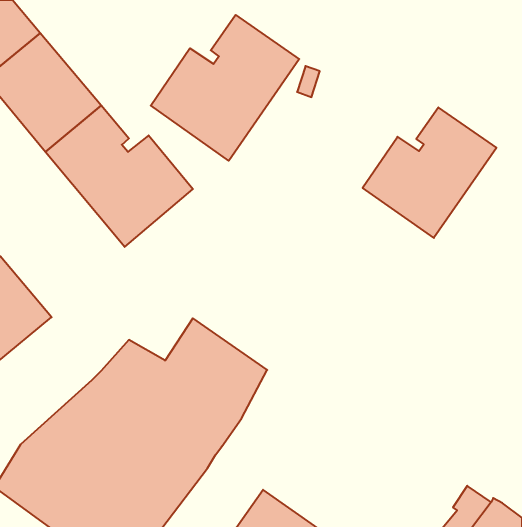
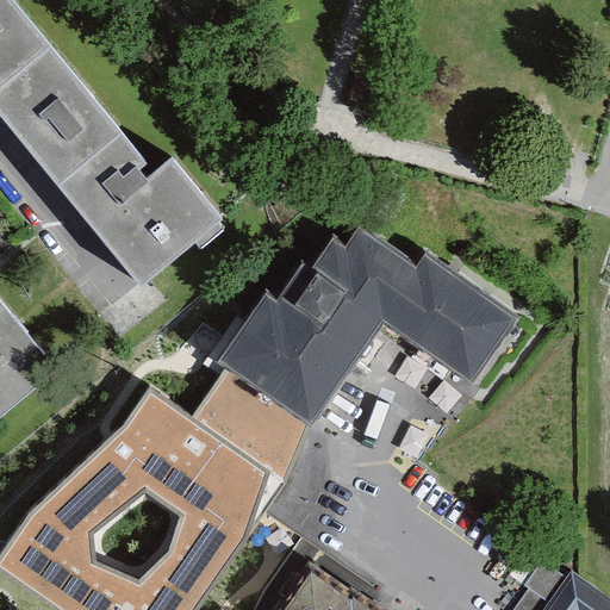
building: [151,15,299,161] -> none
building: [363,107,496,238] -> none
building: none -> [212,230,513,428]

